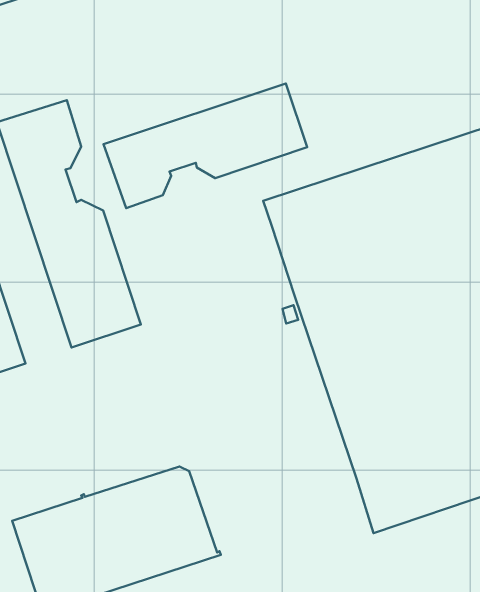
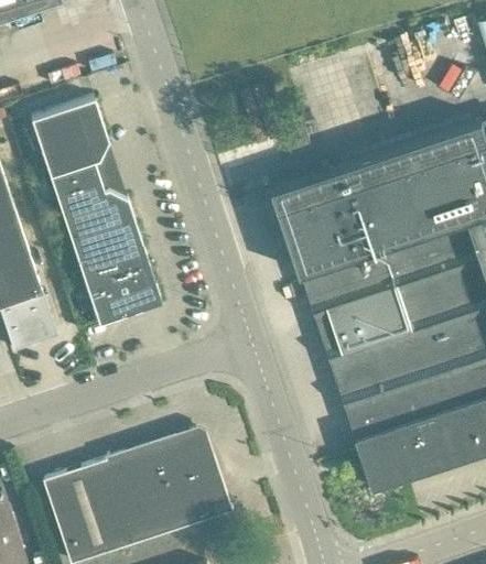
building: [103,83,307,208] -> none

